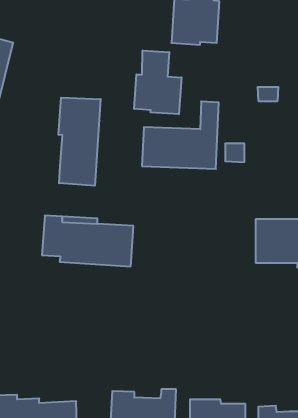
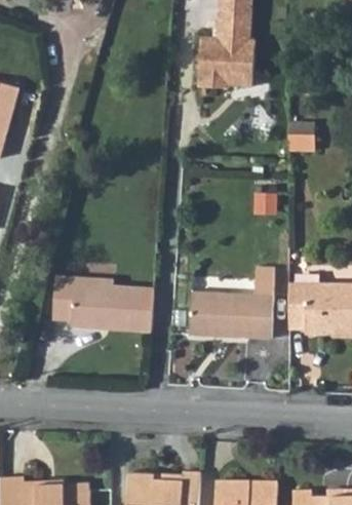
building: [134,50,181,114] -> none
building: [59,98,101,186] -> none
building: [142,101,219,169] -> [190,262,275,337]

